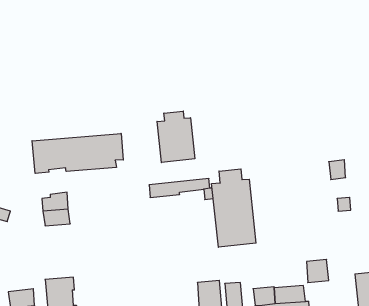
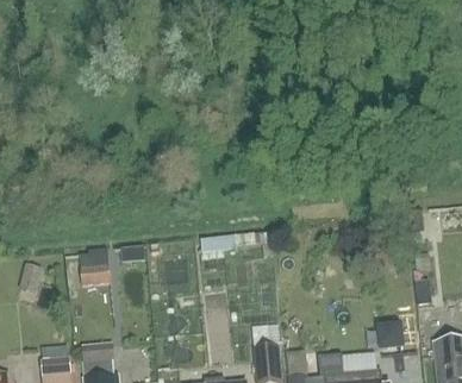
building: [157,111,195,163] -> none
building: [32,133,123,173] -> none
building: [212,169,256,247] -> none

